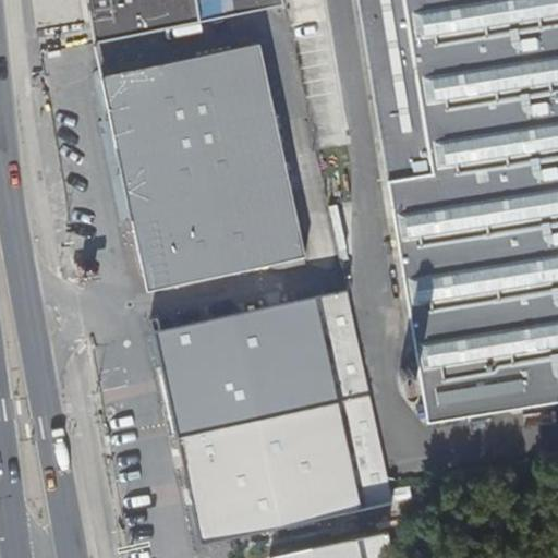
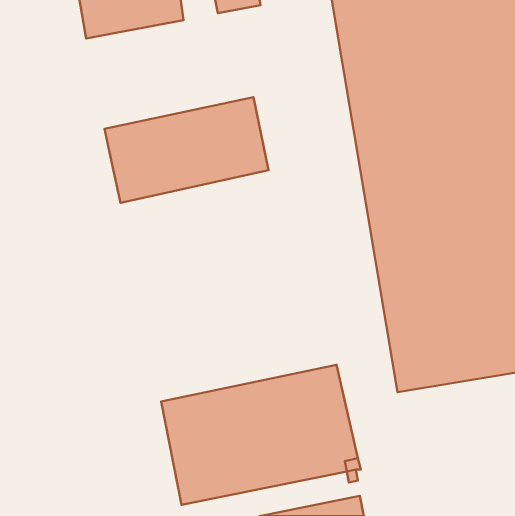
building: [102,43,276,138] -> none
building: [133,183,308,291] -> none
building: [157,299,365,432] -> none

